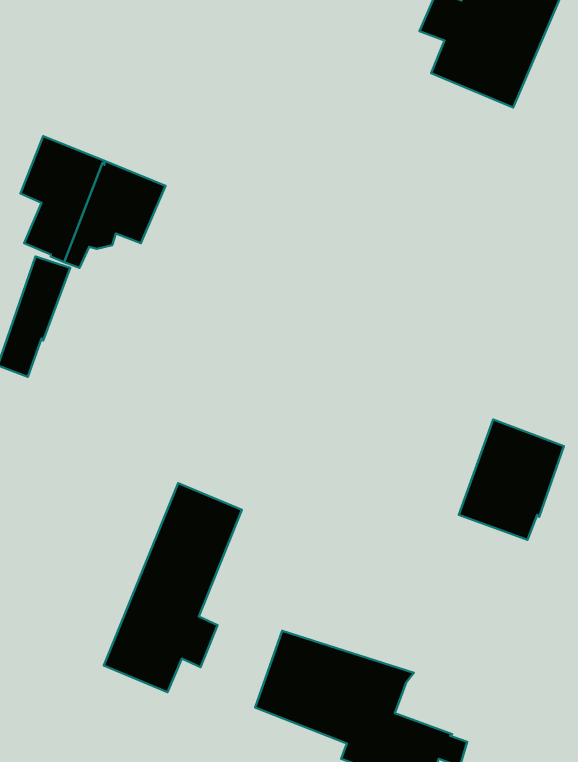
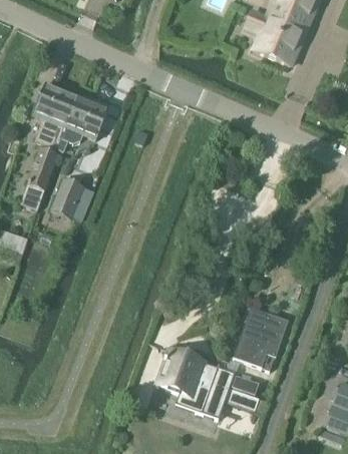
building: none -> [52,176,86,218]
building: [459,419,564,540] -> [235,305,290,368]
building: [104,483,242,692] -> none

